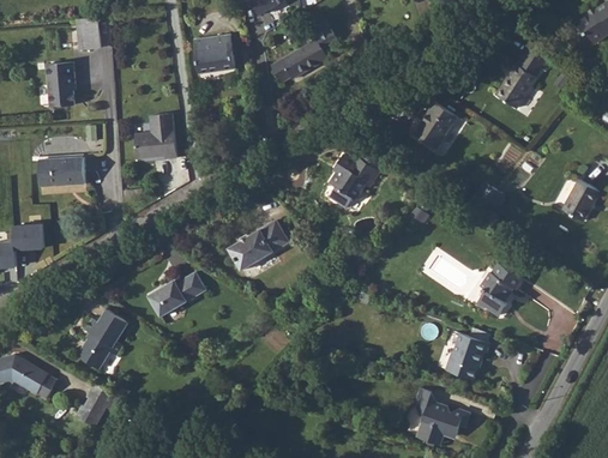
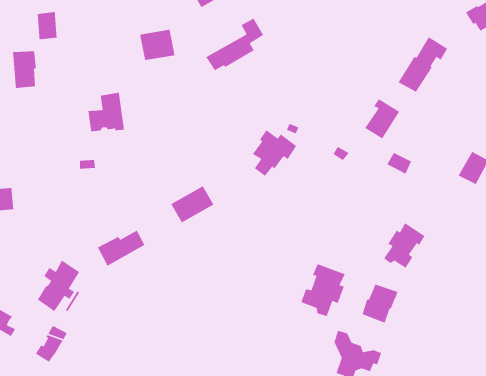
building: [415,103,457,151] -> [364,98,400,139]
building: [37,156,84,186] -> none
building: none -> [300,263,346,317]

